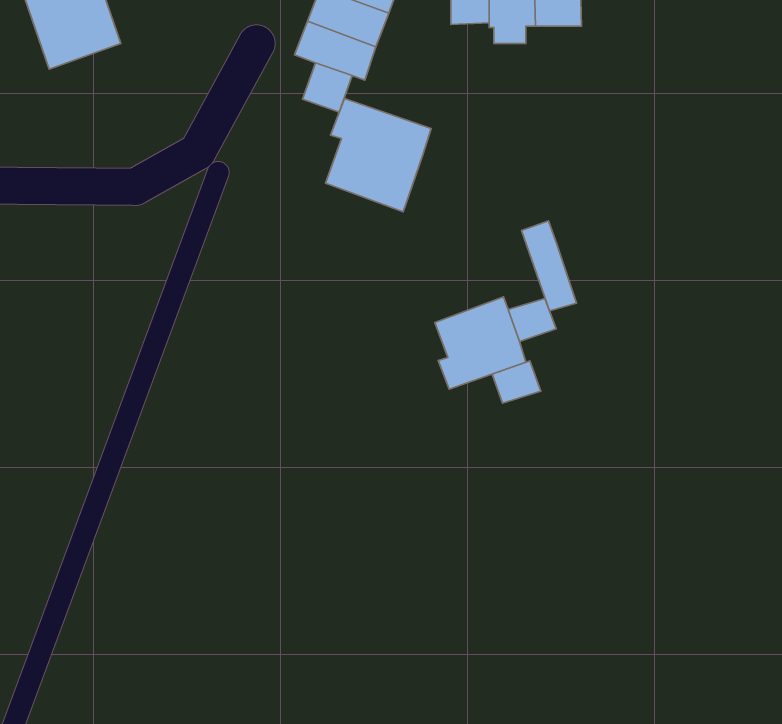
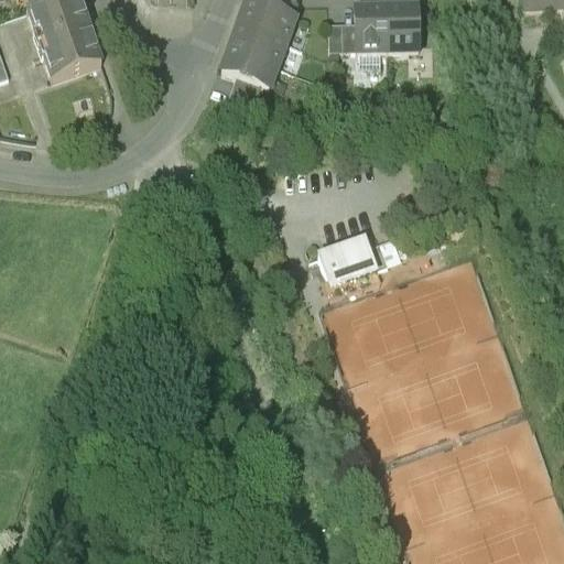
building: [325,98,431,212] -> none
building: [521,221,577,311] -> none
building: [492,361,541,403] -> none

